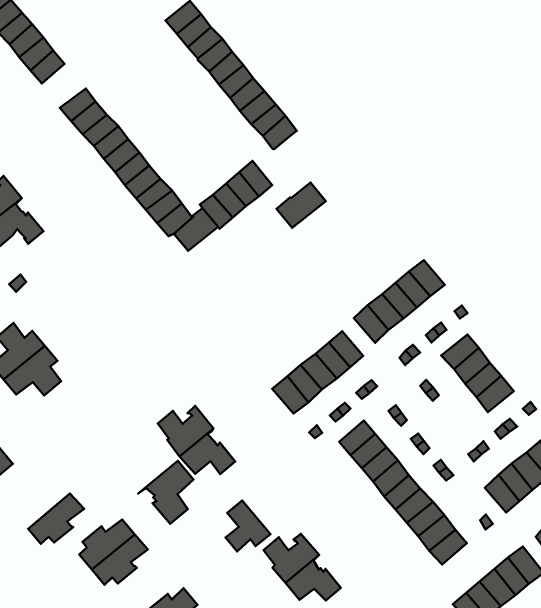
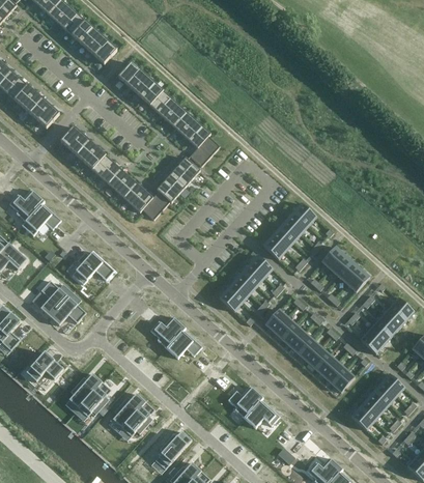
building: [277,182,326,228] -> [189,136,219,166]
building: none -> [72,251,113,284]
building: [138,461,193,524] -> none
building: none -> [68,373,101,407]
building: [226,501,270,551] -> none

